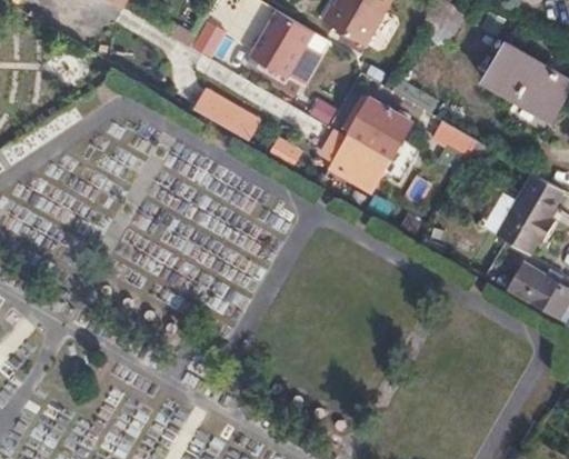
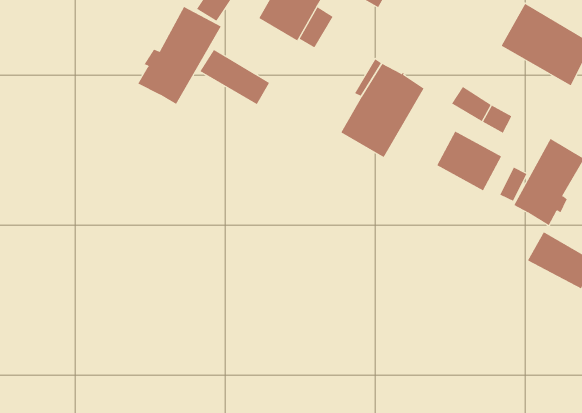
building: none -> [138,6,222,105]
building: none -> [436,130,502,191]

